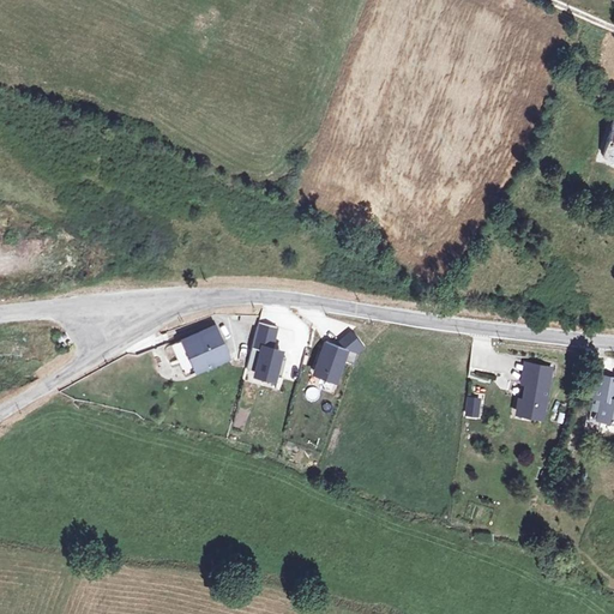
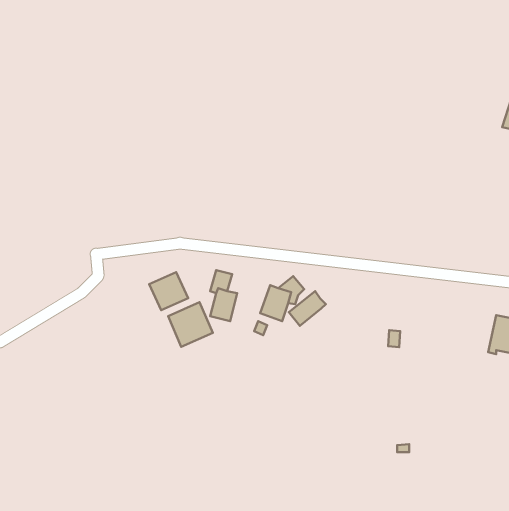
building: none -> [289,291,326,326]
building: none -> [168,302,213,347]
building: [514,363,550,419] -> none

